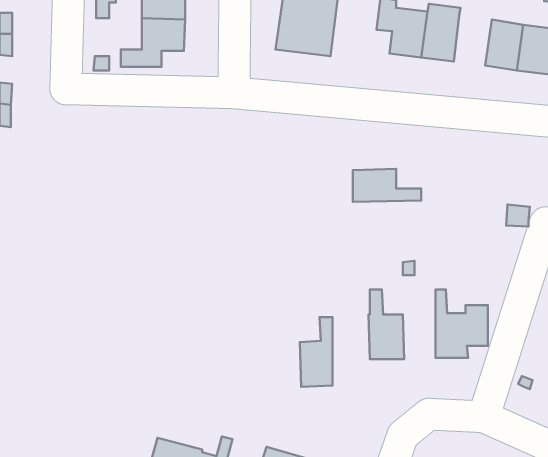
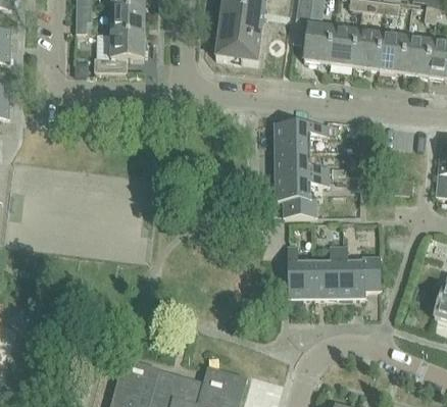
building: none -> [354,30,384,68]
building: none -> [276,123,328,150]
building: none -> [276,173,329,215]
building: [300,317,333,387] -> [314,243,340,297]

